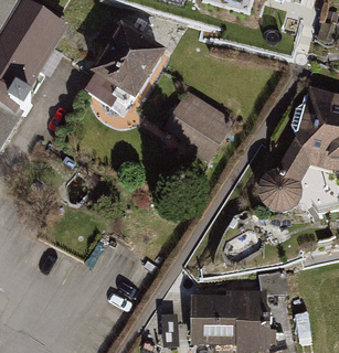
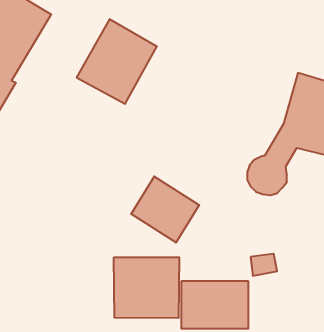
building: [165,89,233,156] -> [131,176,199,242]
building: none -> [114,257,179,318]

